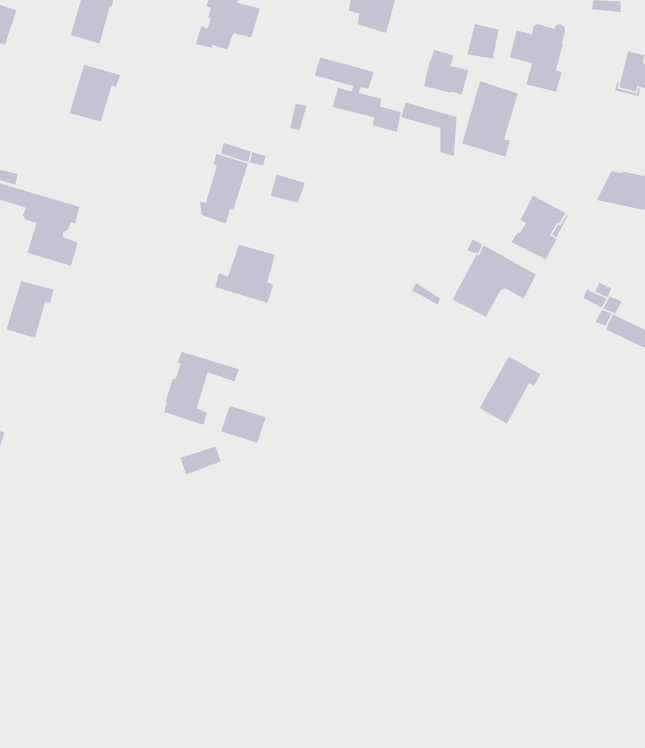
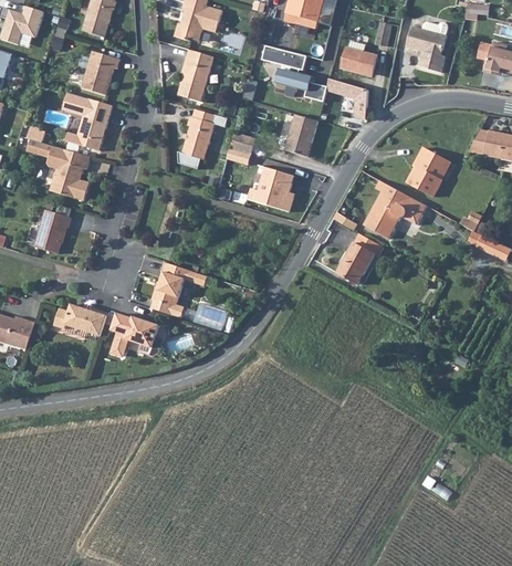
building: none -> [177,49,213,102]
building: [461,80,519,158] -> none
building: none -> [62,92,112,150]
building: none -> [284,114,317,156]
building: [214,244,276,304] -> [248,167,293,211]
building: [479,356,542,425] -> [336,233,383,284]
building: none -> [53,304,107,336]
building: none -> [109,313,159,356]

